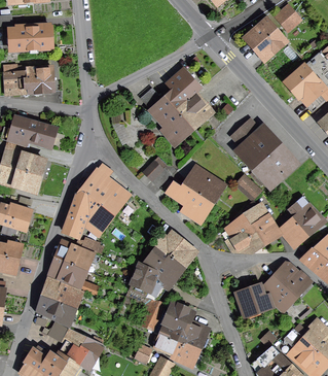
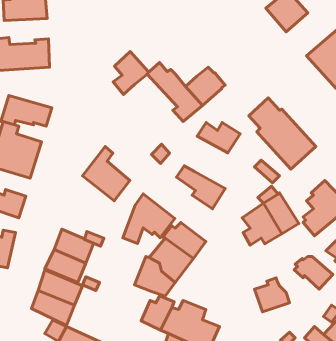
building: [167,70,198,109] -> [113,51,148,94]
building: [184,174,223,202] -> [197,122,240,153]
building: [64,191,111,236] -> [123,194,175,244]
building: [259,276,297,310] -> none

